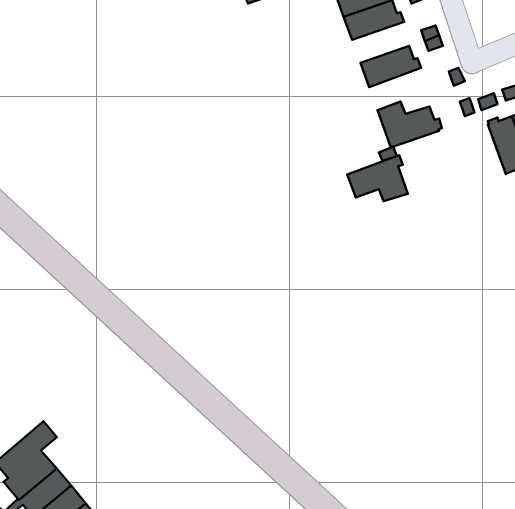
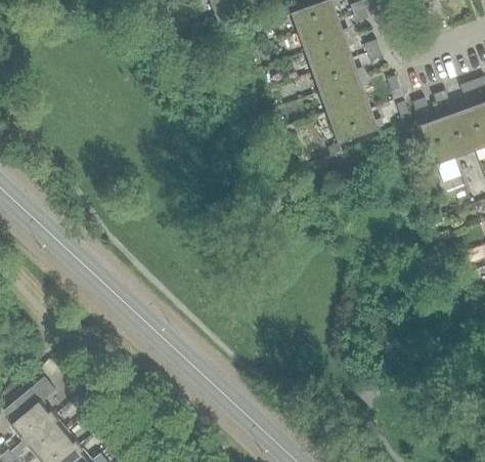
building: none -> [305,38,353,73]
building: [347,155,408,201] -> [319,77,370,116]

